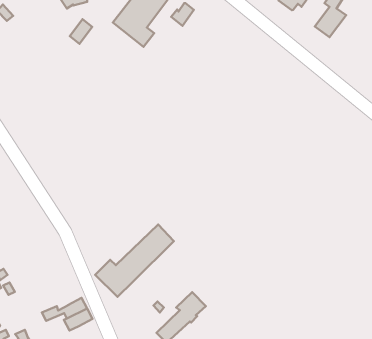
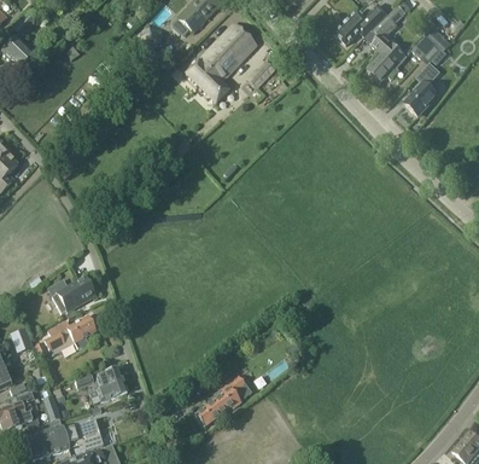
building: none -> [52,274,95,312]
building: [95,224,174,297] -> none
building: none -> [45,314,95,353]

